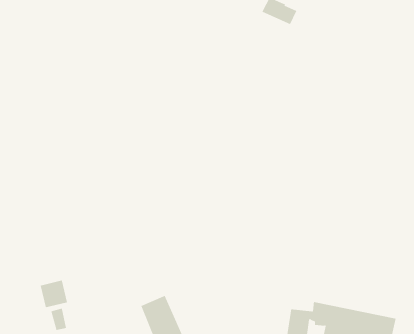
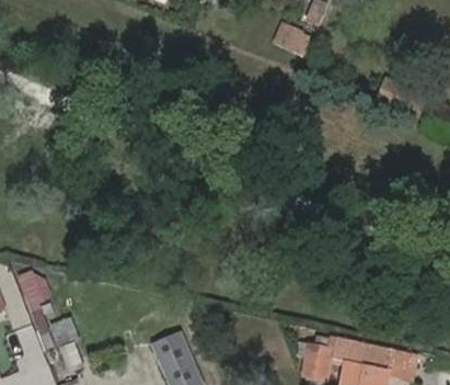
building: none -> [16,268,55,342]

